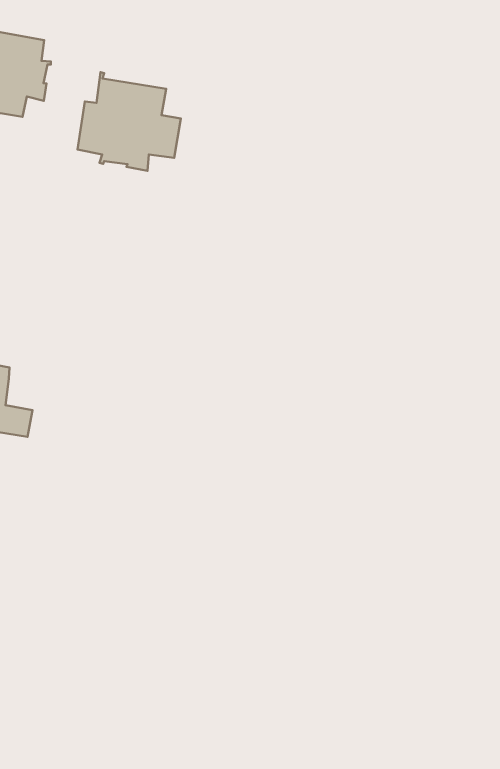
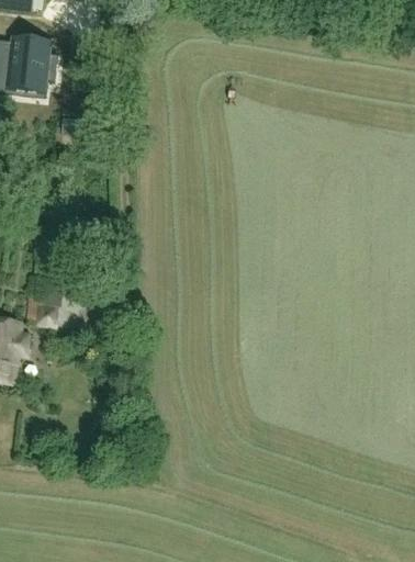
building: [77,72,181,171] -> none

